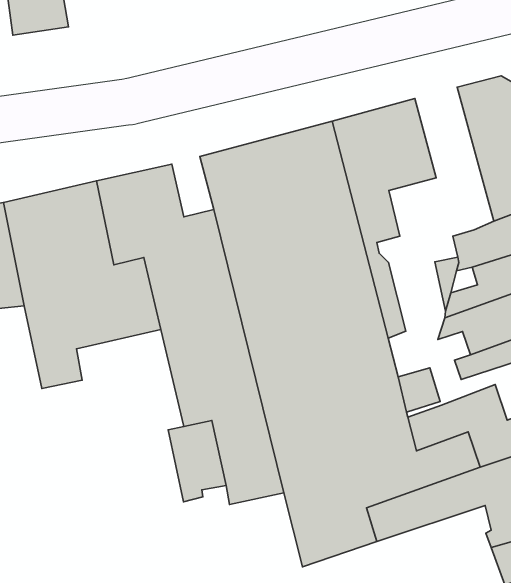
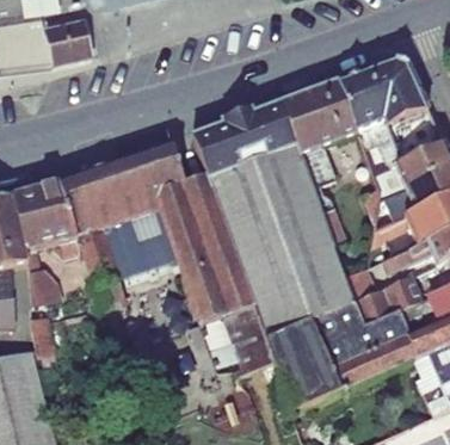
building: none -> [338,68,401,166]

